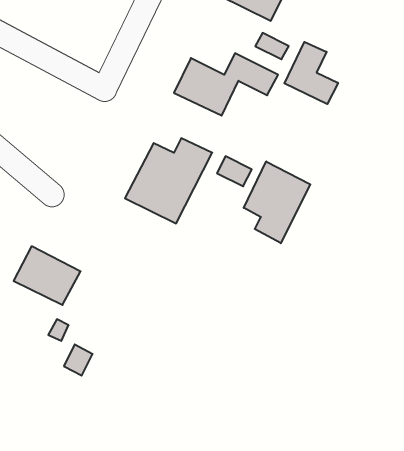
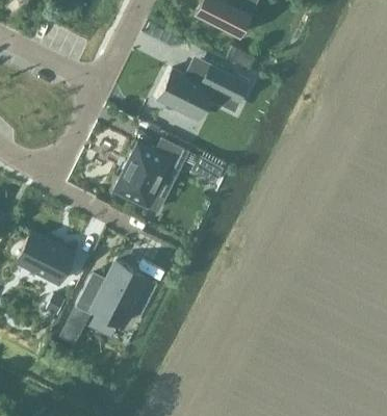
building: [284,42,338,104] -> none
building: [244,161,310,243] -> none
building: none -> [76,262,147,326]

